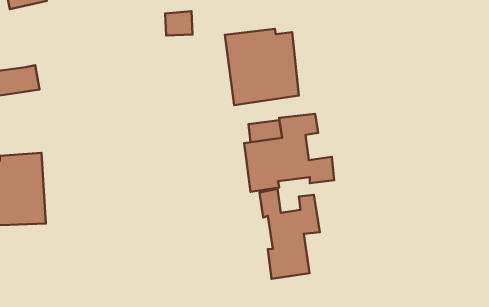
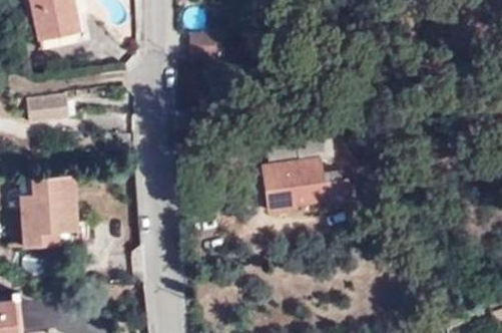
building: [225,29,299,105] -> none
building: [260,189,320,279] -> none

